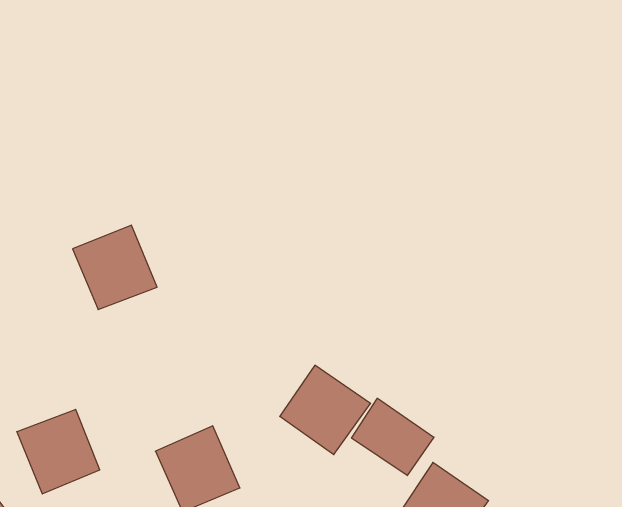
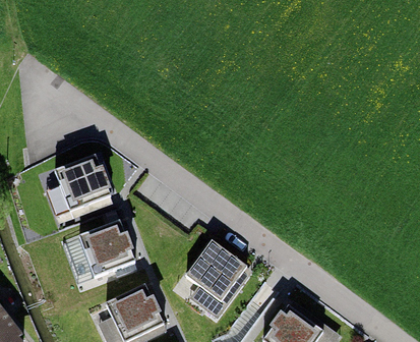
building: [352,398,434,476] -> none
building: [17,409,100,494] -> [79,220,132,274]

